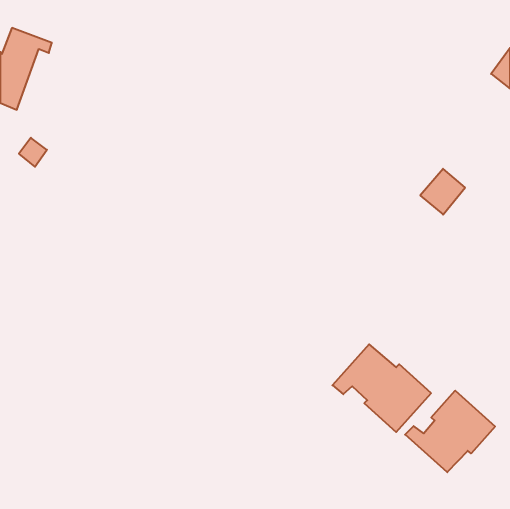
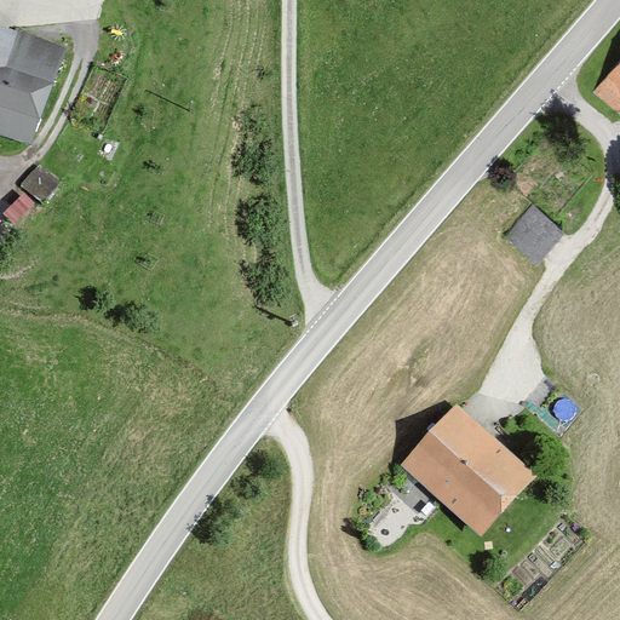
building: [405,391,495,472] -> none

